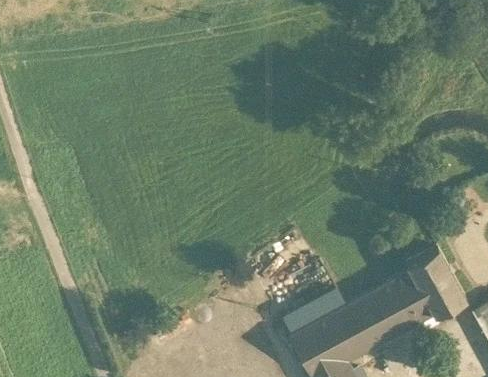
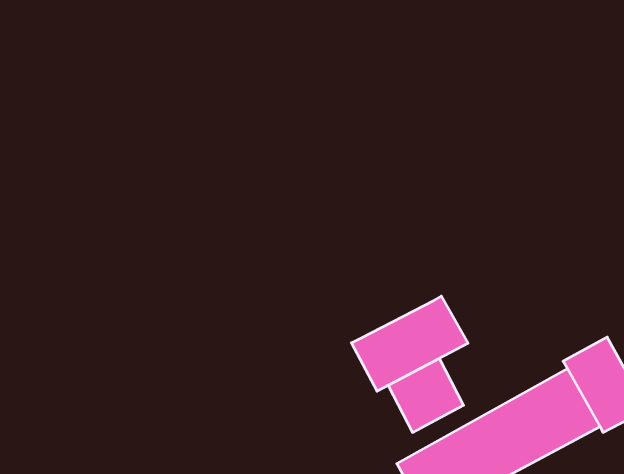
building: none -> [351,296,468,391]

